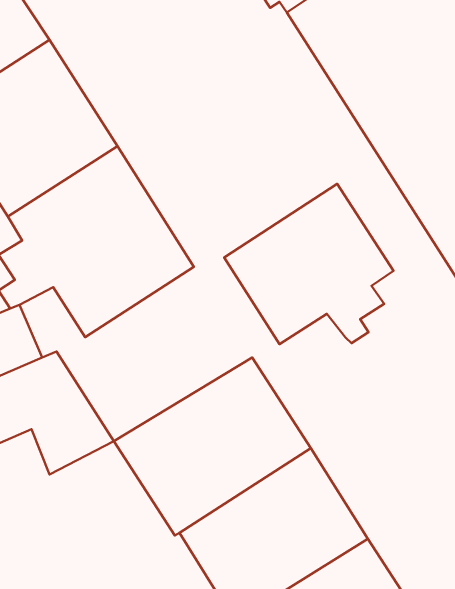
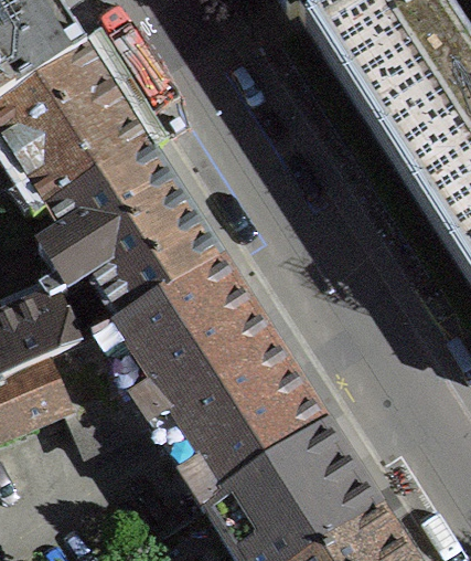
building: [224,184,393,344] -> none
building: none -> [93,248,274,410]

